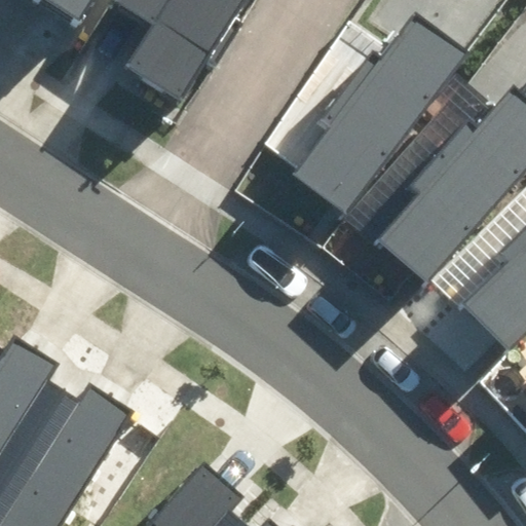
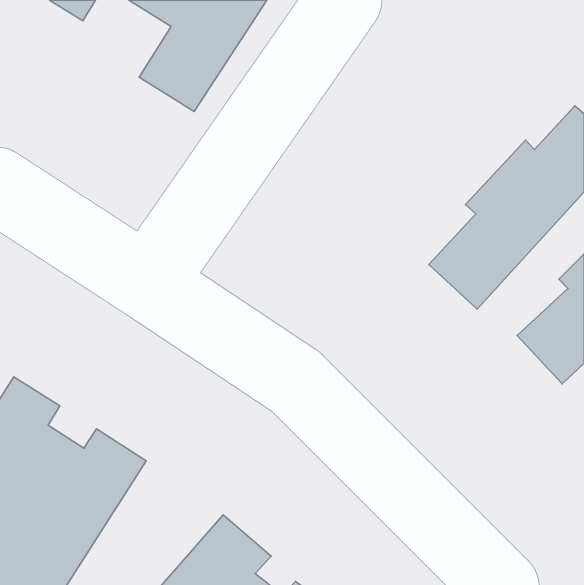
building: [294,16,458,205] -> none

